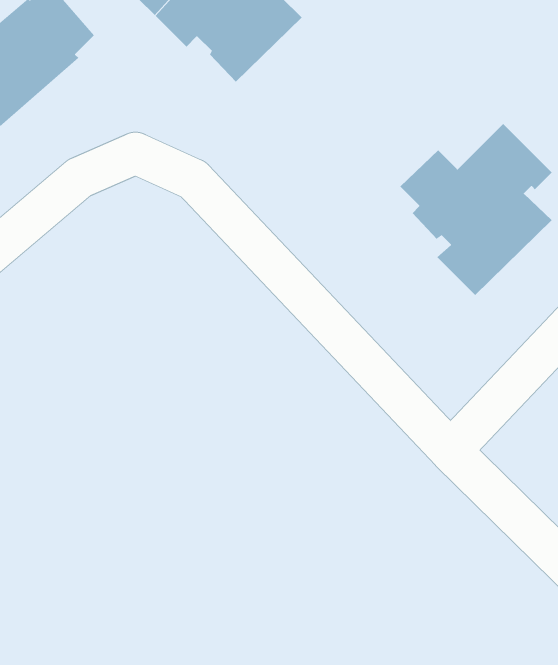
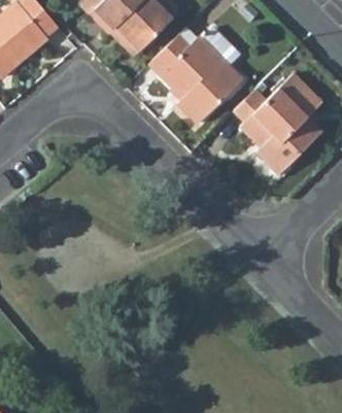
building: none -> [146,37,243,125]

